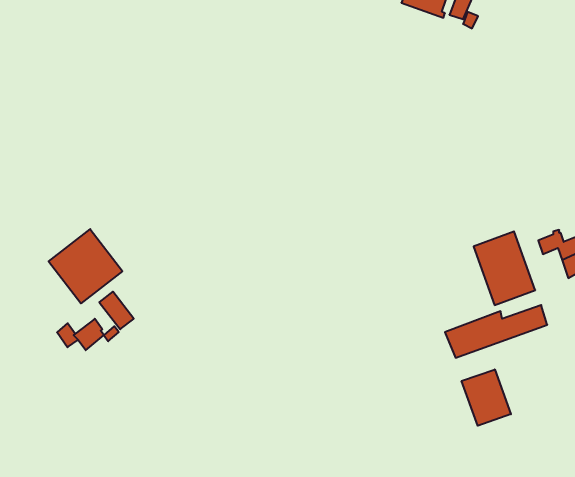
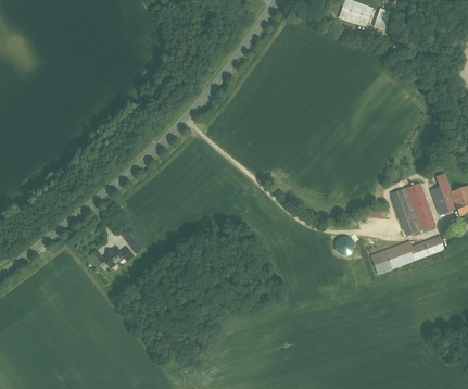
building: [49,229,122,303] -> none
building: [462,369,511,426] -> none

